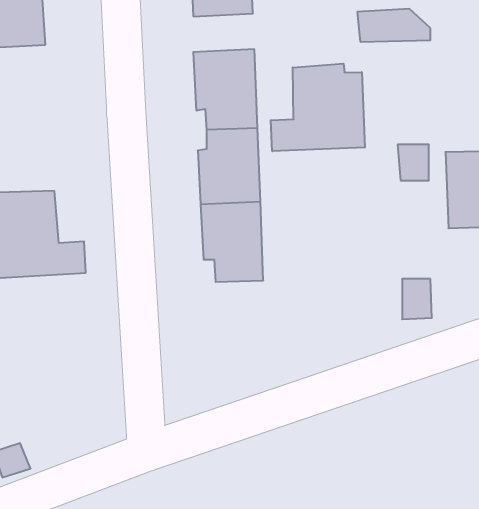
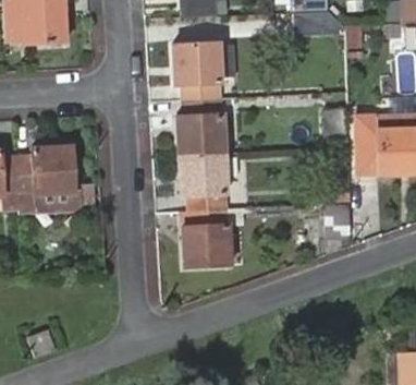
building: [271,64,365,151] -> none
building: none -> [183,209,242,266]

